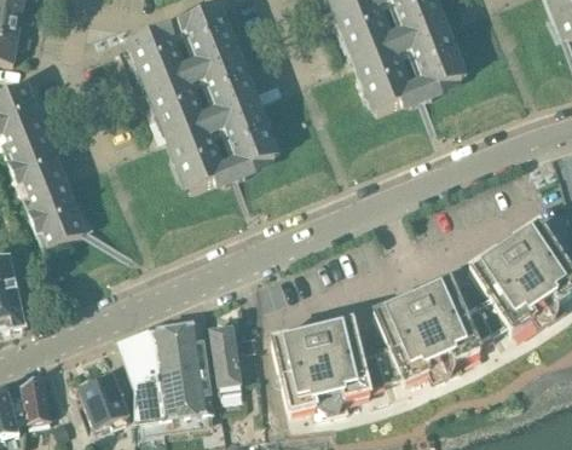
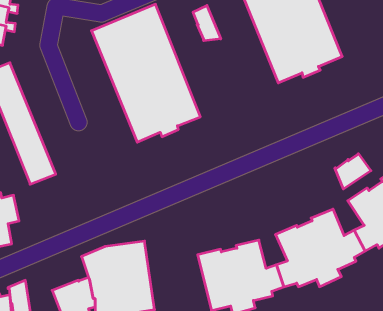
building: none -> [193,5,221,41]
building: none -> [335,154,371,189]
building: [209,323,241,391] -> none

